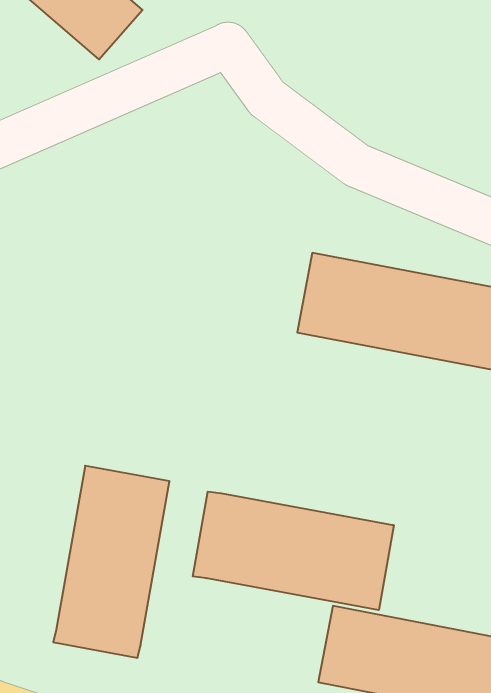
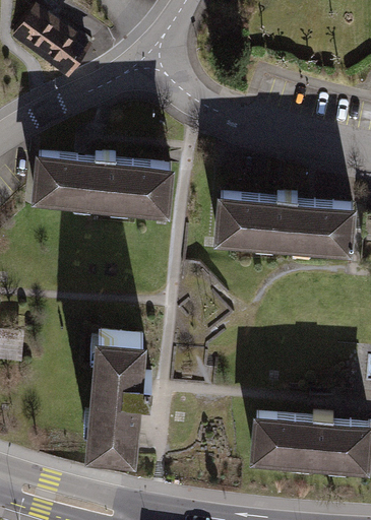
building: none -> [45,161,170,225]
building: [193,492,394,610] -> none

